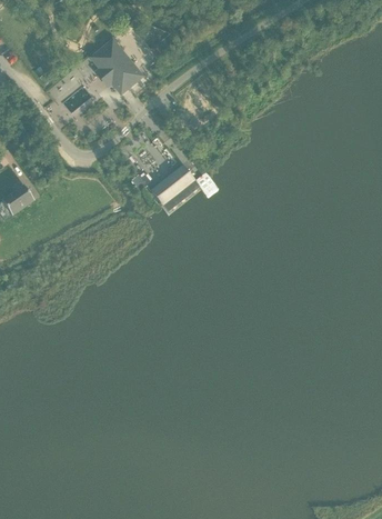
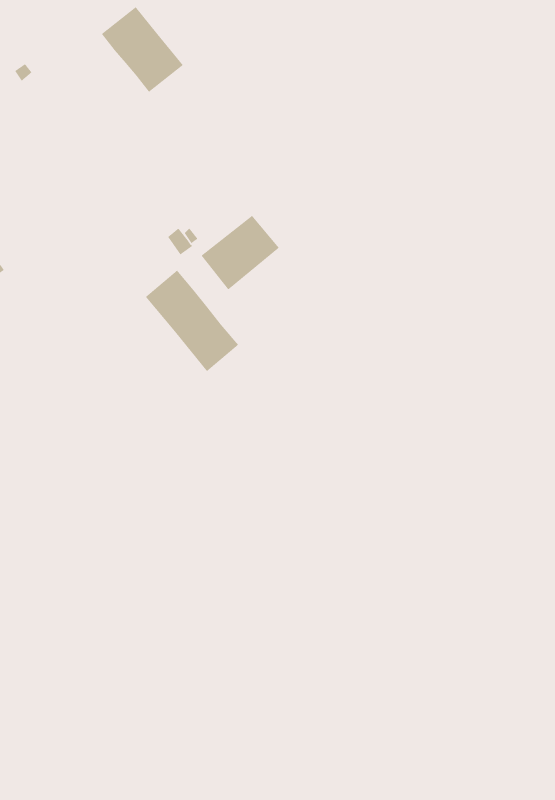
building: none -> [145,269,239,372]

